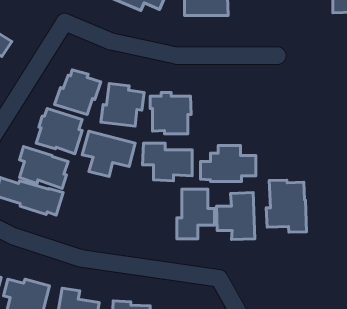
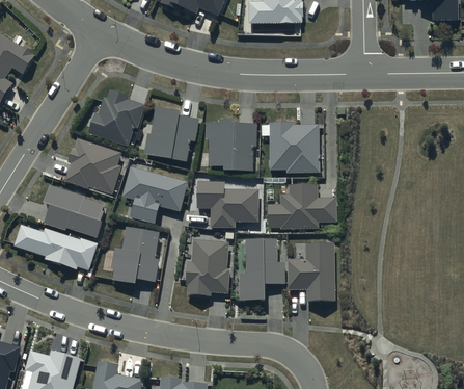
building: none -> [269,122,318,173]
building: none -> [111,227,165,284]
building: [266,180,307,232] -> none
building: none -> [185,240,229,295]

